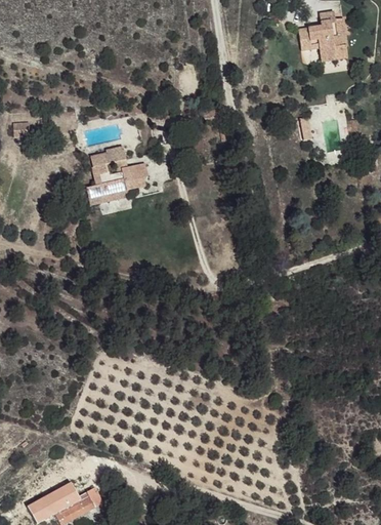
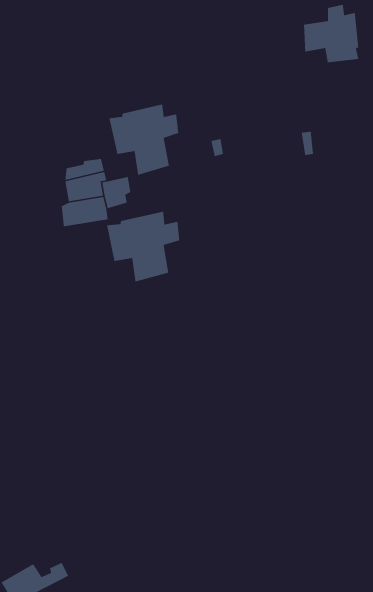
building: none -> [109,103,179,176]
building: none -> [106,211,180,283]

